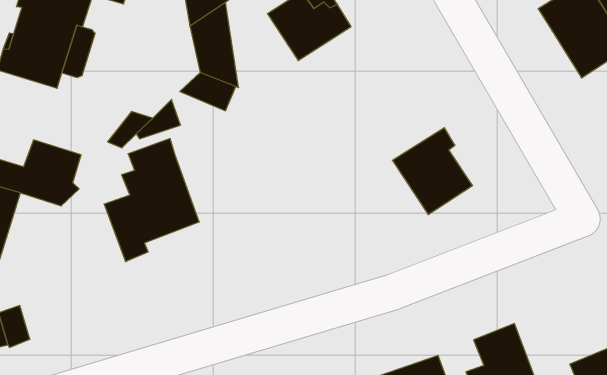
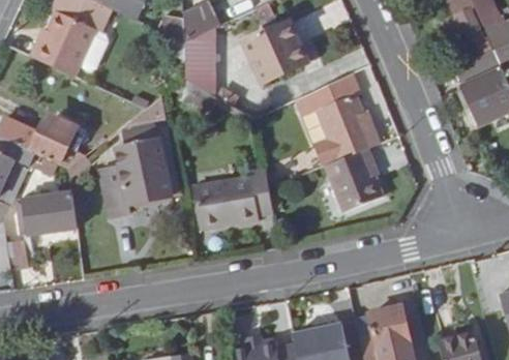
building: none -> [291,71,380,161]
building: none -> [193,170,274,228]
building: none -> [25,191,77,232]

